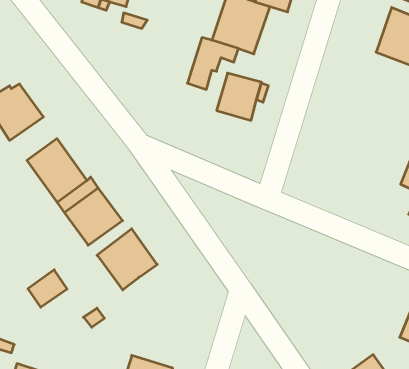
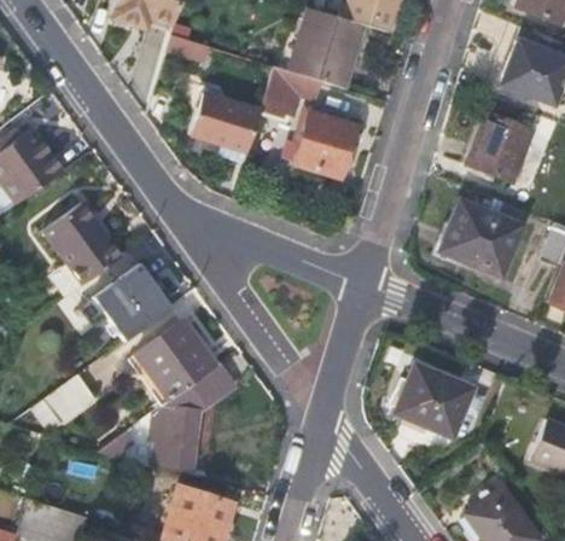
building: none -> [188,93,260,161]
building: none -> [466,116,530,184]
building: none -> [438,199,519,275]
building: none -> [191,360,240,406]
building: none -> [396,365,468,435]
building: none -> [151,405,202,469]

